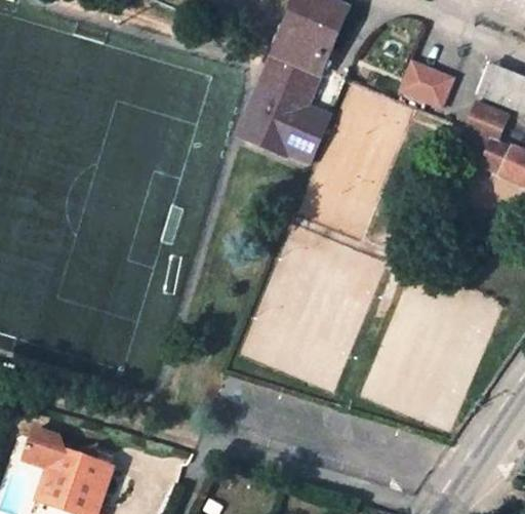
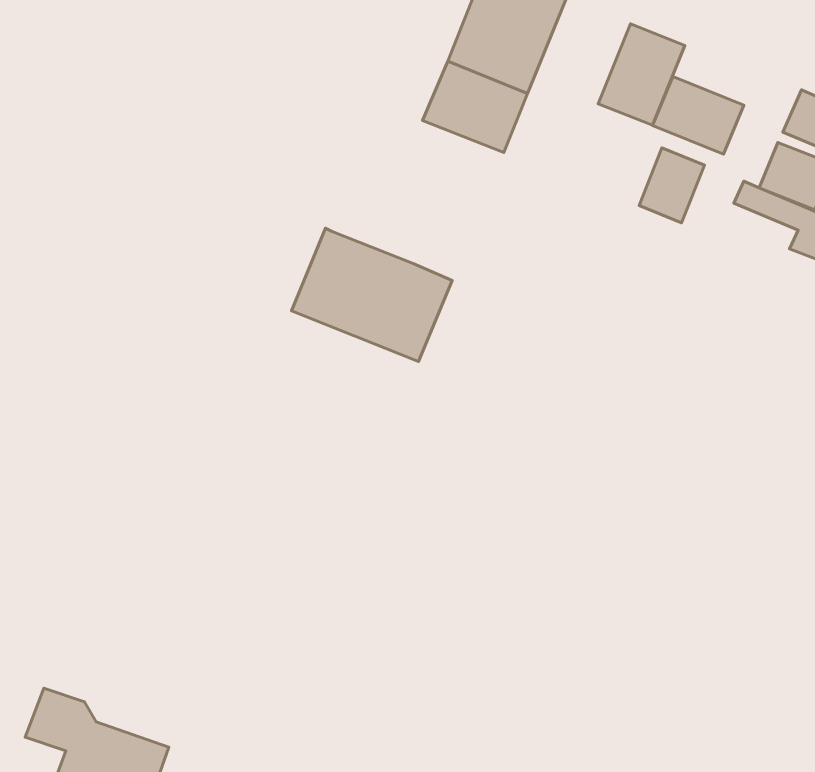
building: none -> [598,24,685,125]
building: [236,83,333,164] -> [292,228,452,362]
building: none -> [639,148,705,223]

